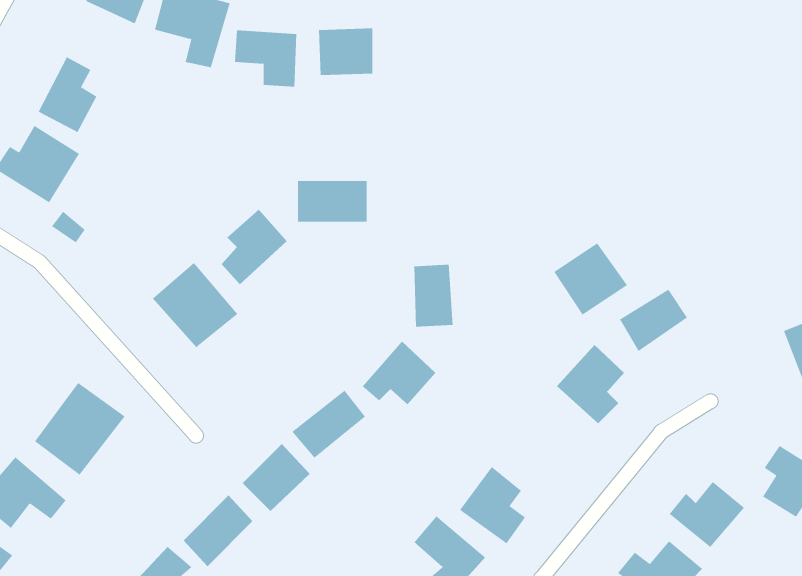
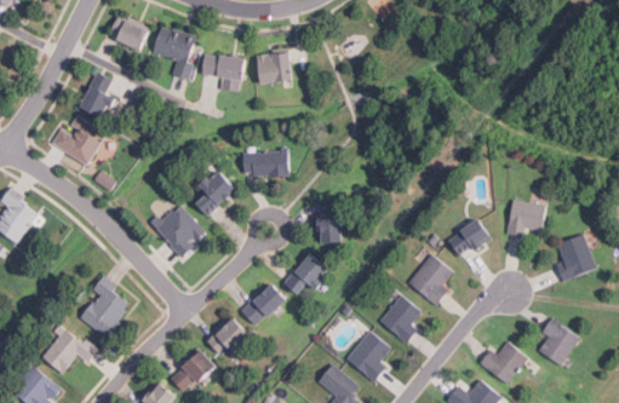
building: [554,242,628,316] -> none
building: none -> [505,200,544,236]
building: none -> [378,294,420,344]

